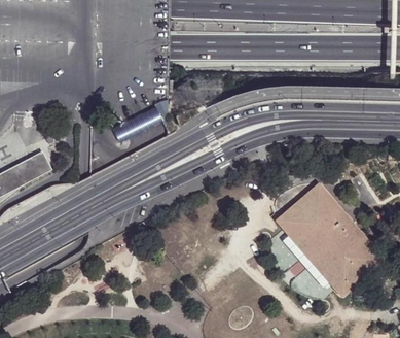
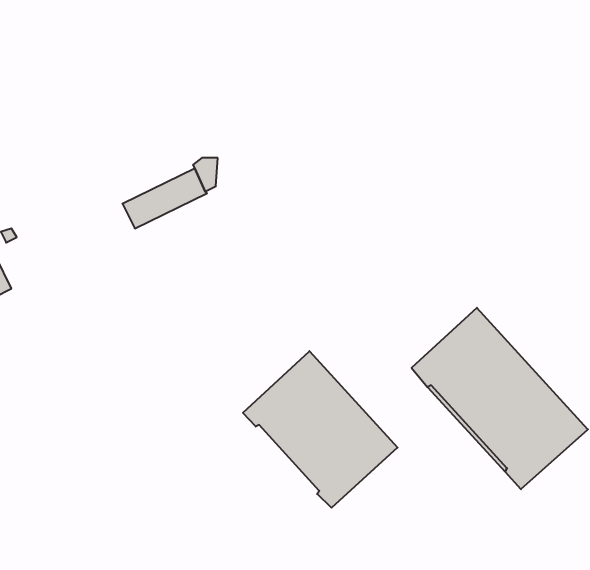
building: none -> [243,351,398,508]

